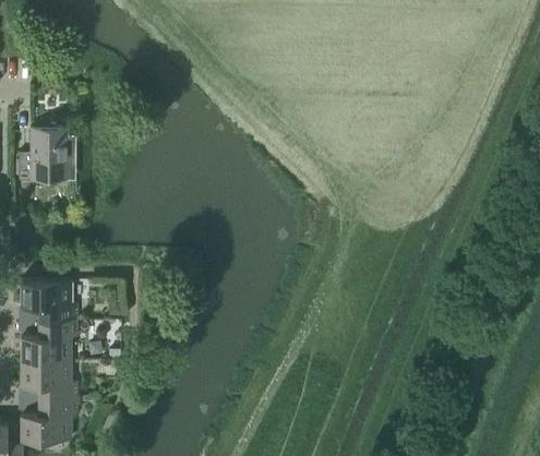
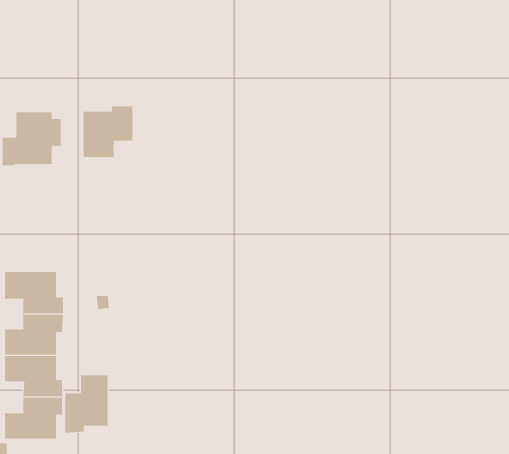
building: none -> [83,106,133,158]
building: none -> [65,375,108,433]

